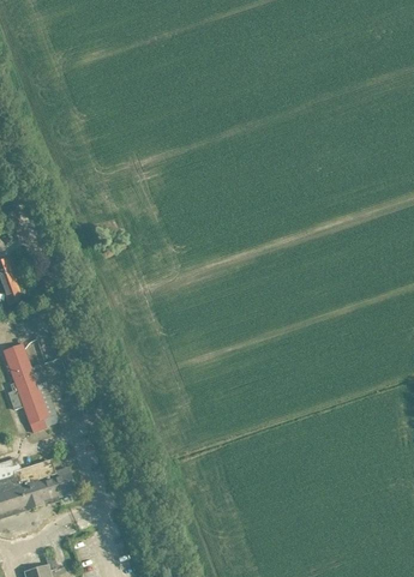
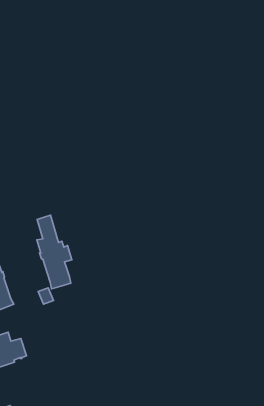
building: none -> [37,215,72,289]

